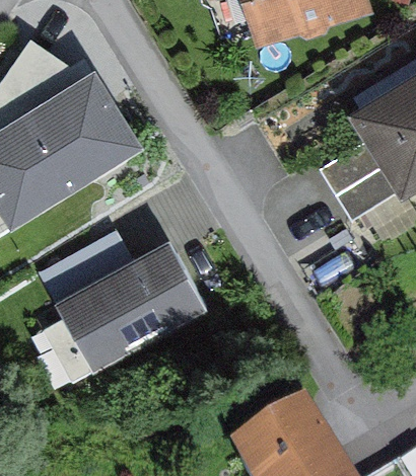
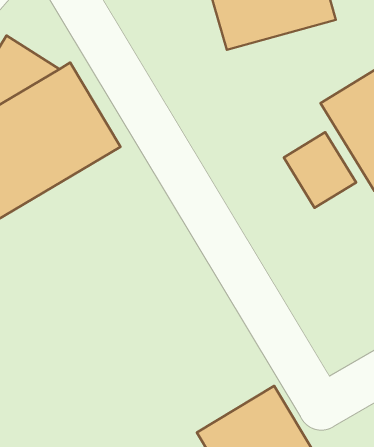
building: [51,221,223,374] -> none

